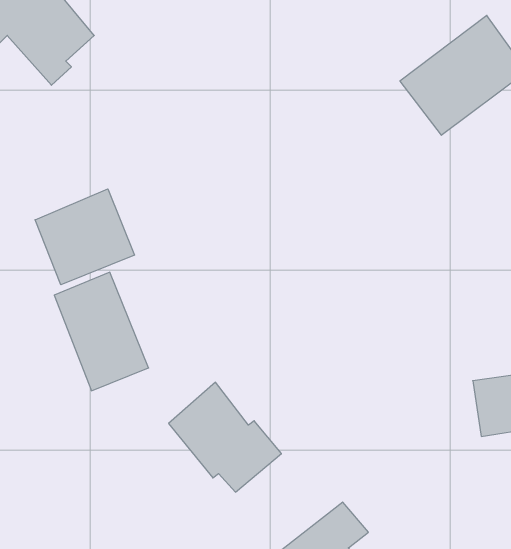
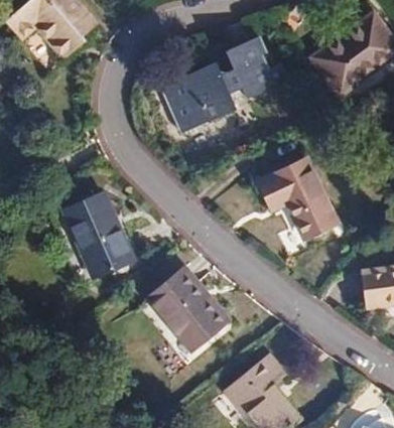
building: none -> [166,33,288,129]
building: [35,189,135,285] -> none
building: none -> [259,160,339,238]

